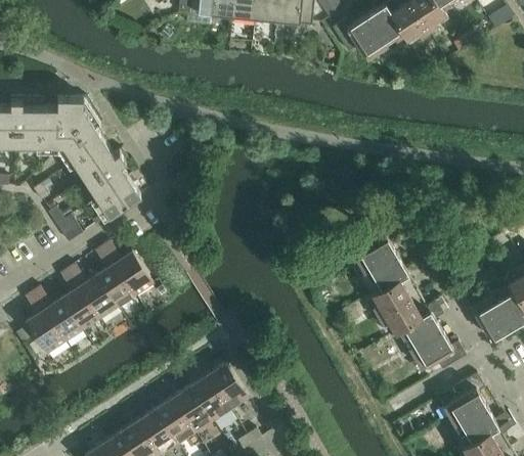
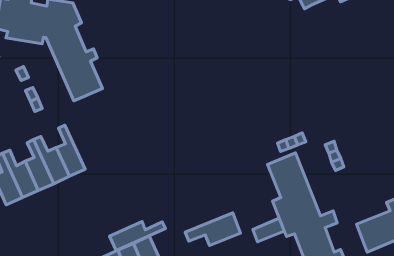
building: [102,240,154,294] -> none
building: none -> [253,218,284,242]
building: none -> [185,213,240,245]
building: none -> [109,221,166,251]

